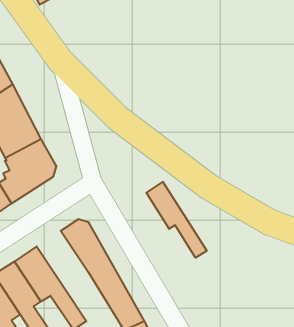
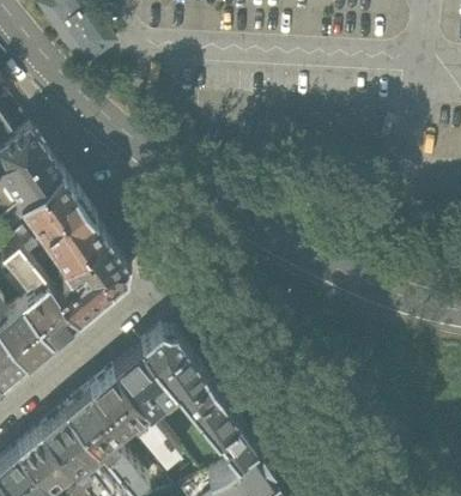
building: [146,182,207,258] -> none
building: none -> [113,353,180,423]

